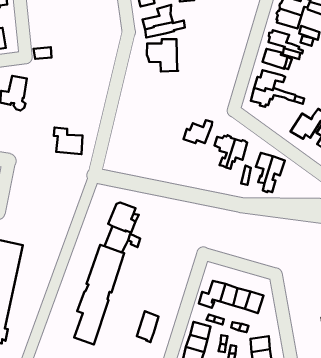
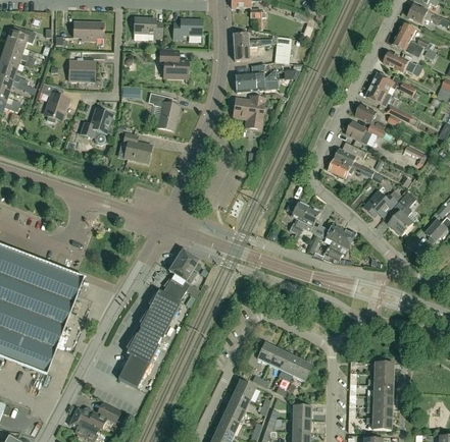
building: none -> [159,50,189,77]
building: none -> [149,93,181,130]
building: [183,120,212,143] -> none
building: [54,128,83,154] -> [123,132,152,163]
building: [137,311,158,342] -> none

